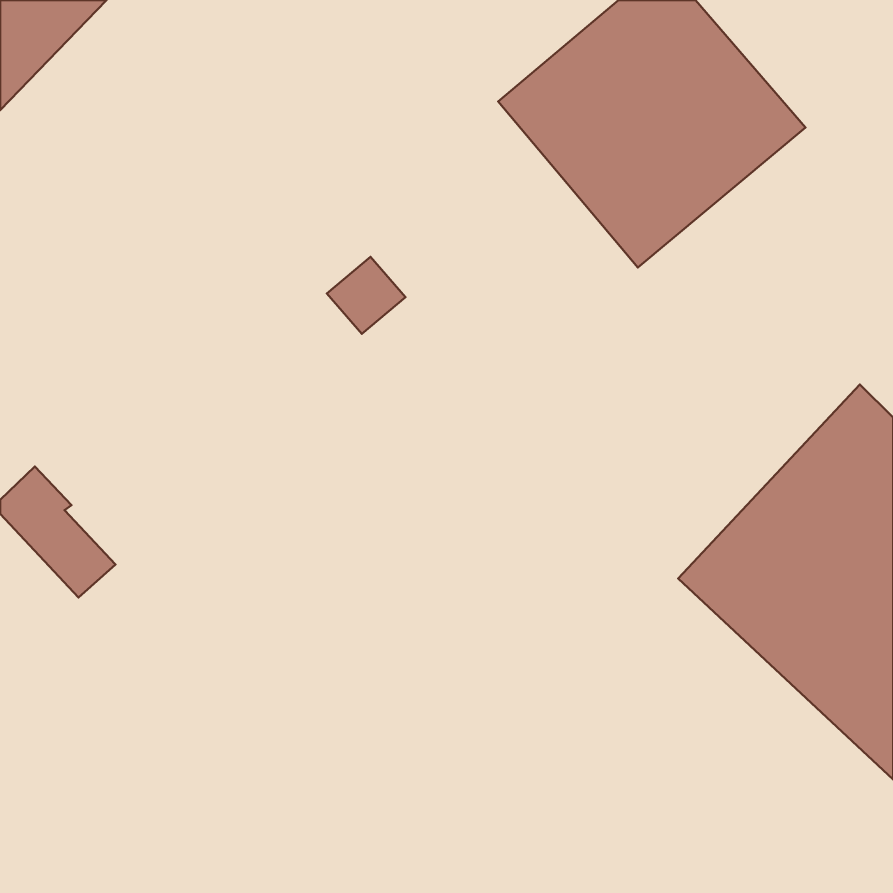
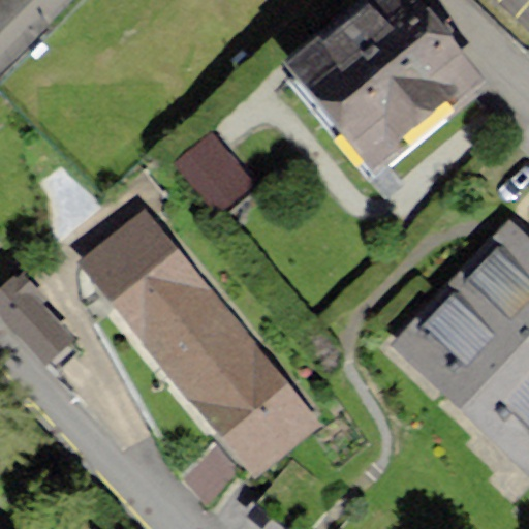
building: none -> [85,214,313,470]

